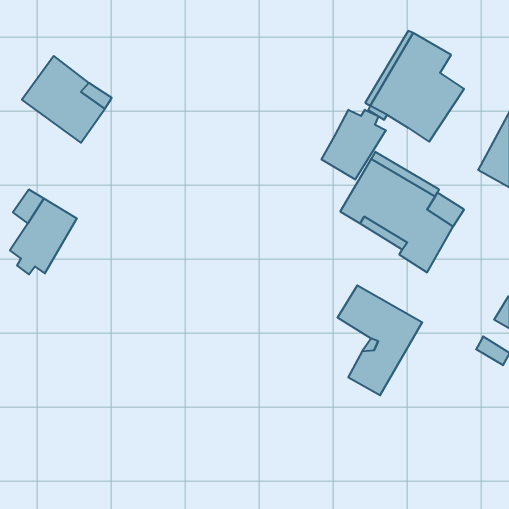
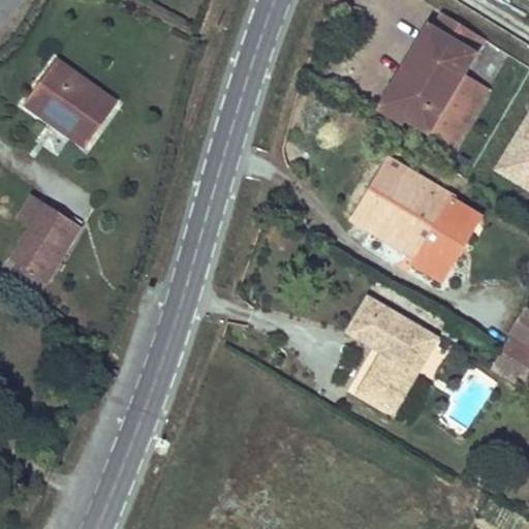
building: none -> [429,15,479,57]
building: [322,110,386,180] -> none

